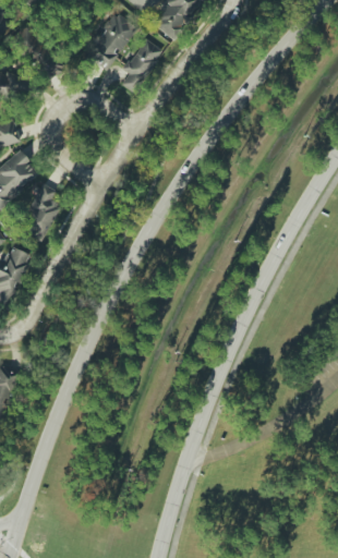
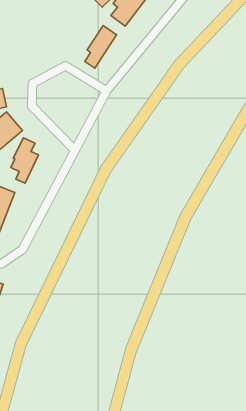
building: [90,9,142,69] -> none

